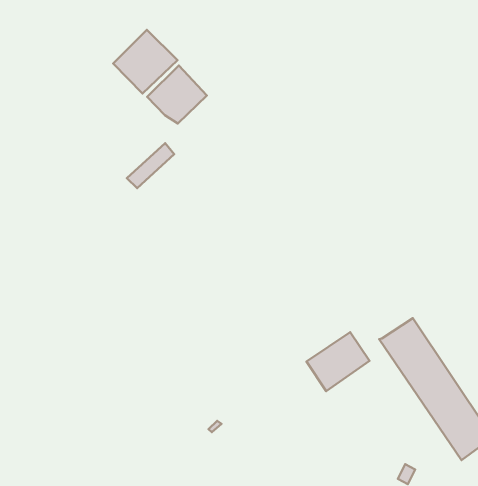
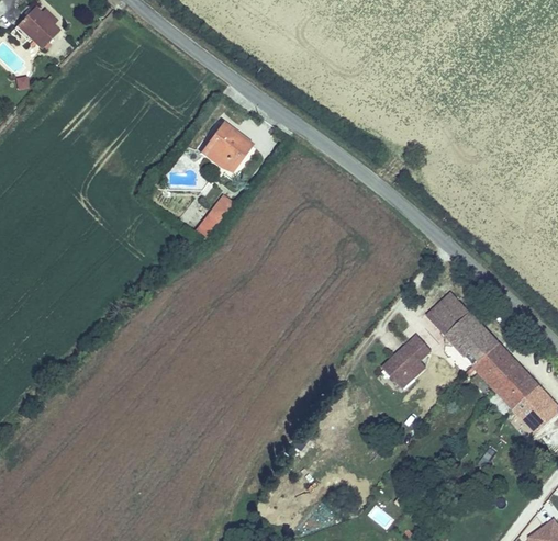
building: [113,30,178,93] -> none
building: none -> [426,292,471,336]

